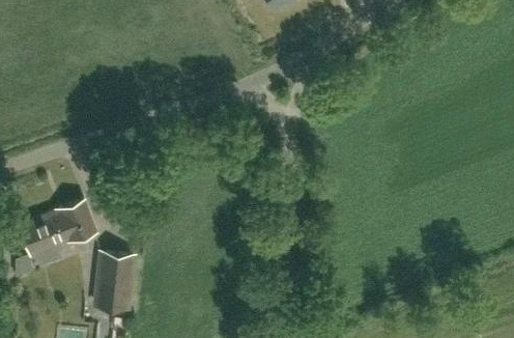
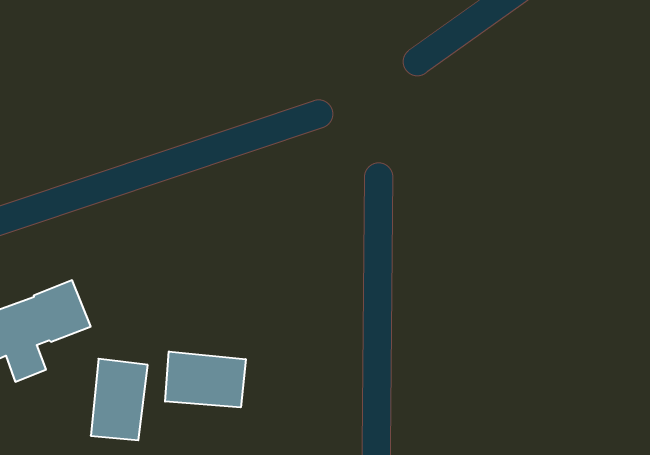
building: none -> [165,351,246,407]

